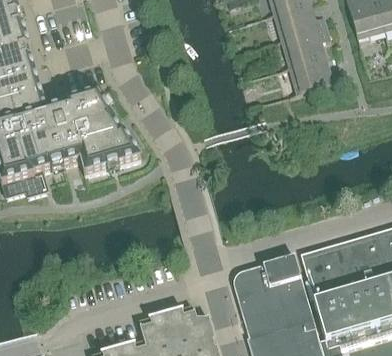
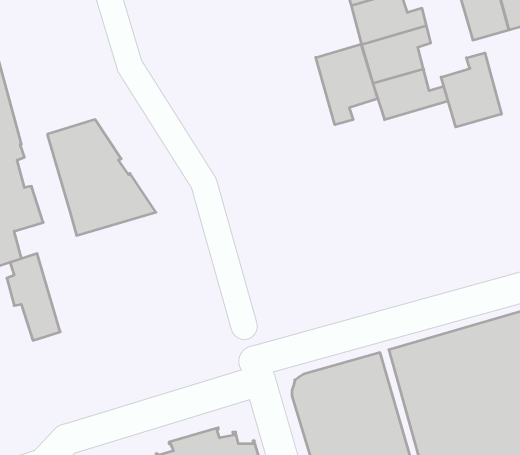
building: none -> [316,44,378,125]
building: none -> [441,53,501,127]
building: [44,105,81,165] -> [7,254,60,340]

